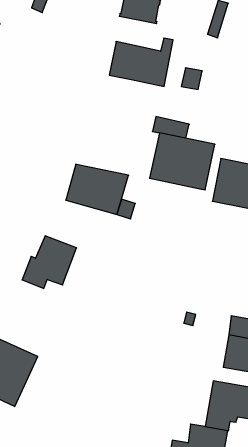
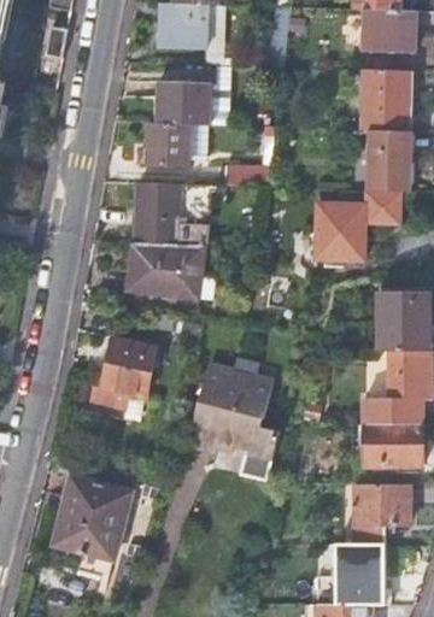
building: none -> [140,124,189,166]
building: [150,133,215,190] -> [135,184,210,246]
building: none -> [193,358,277,482]

